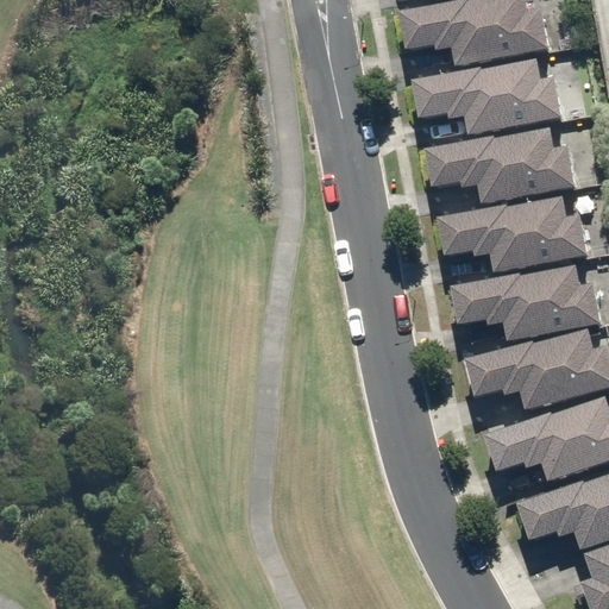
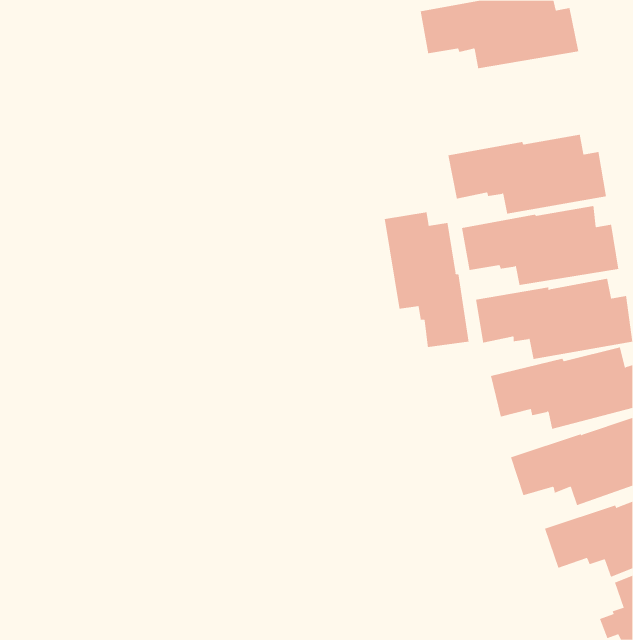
building: [412,58,563,134] -> none
building: none -> [384,211,469,348]

